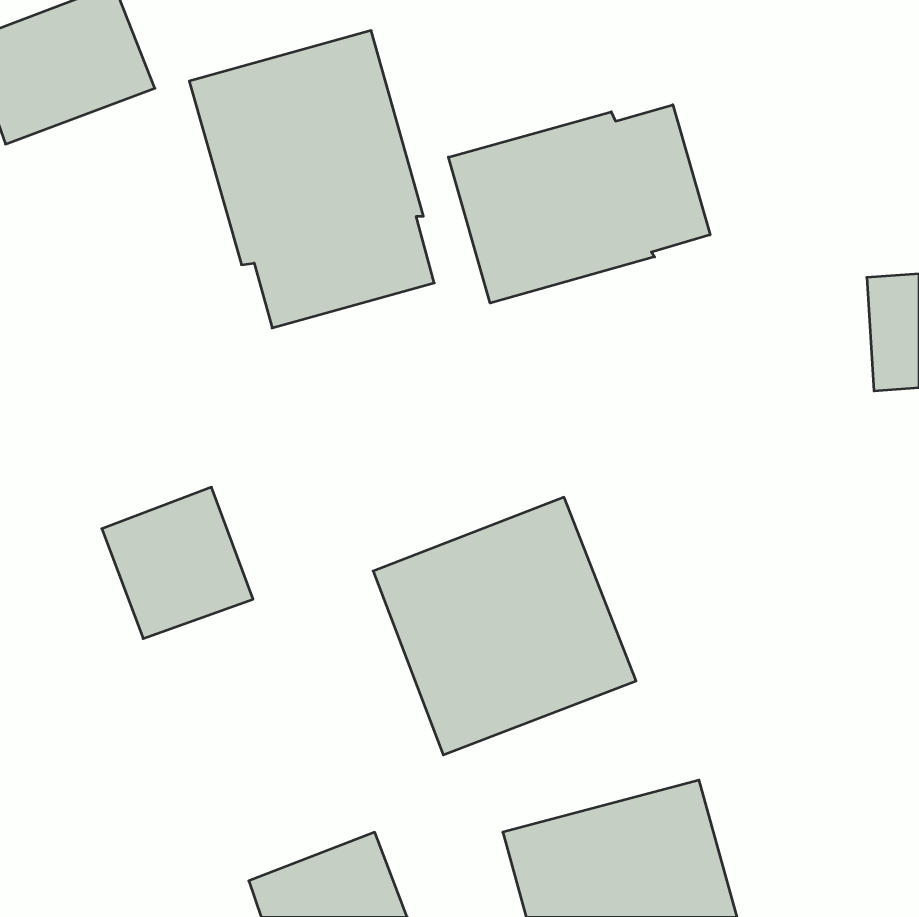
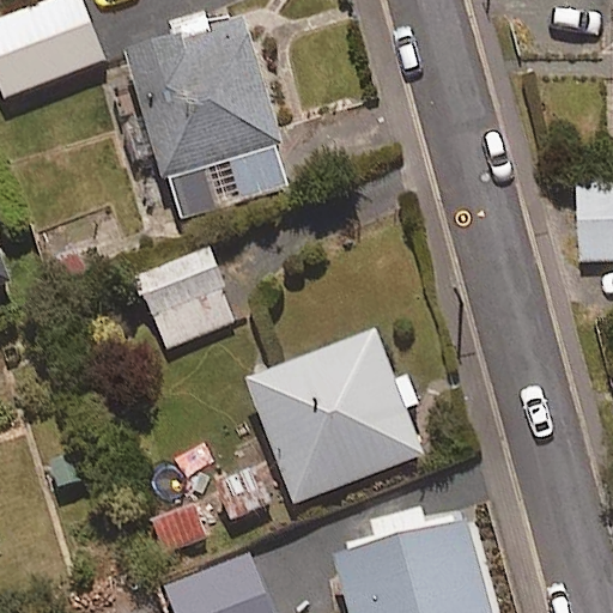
building: [448,105,710,303] -> none
building: [102,487,253,639] -> [134,247,235,347]

